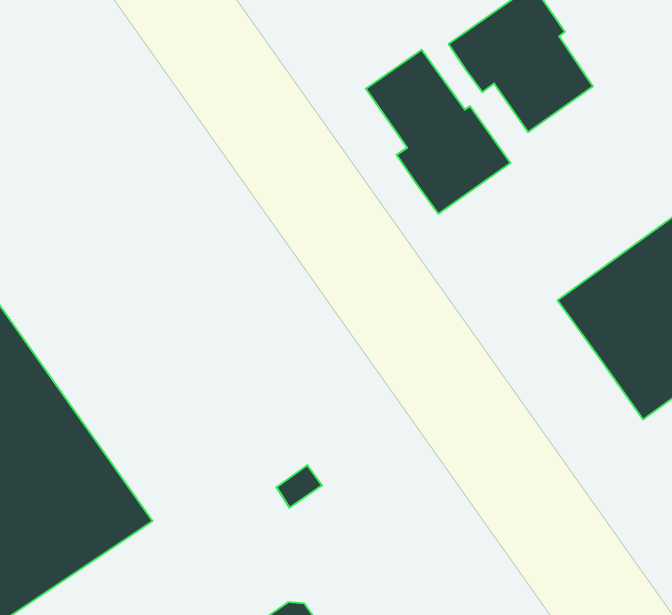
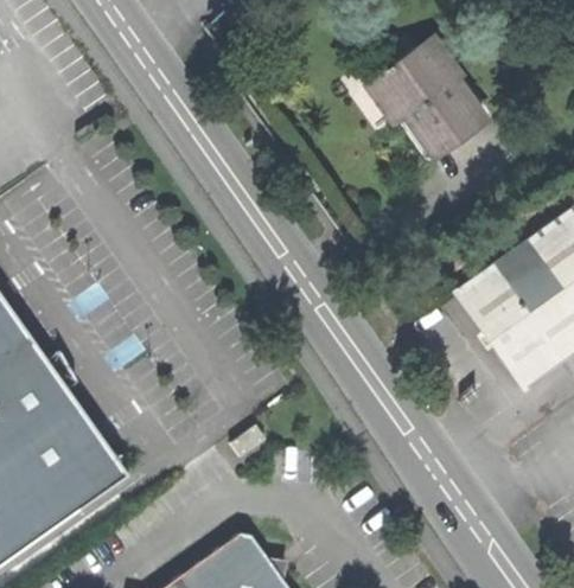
building: [366,50,510,214] -> none

